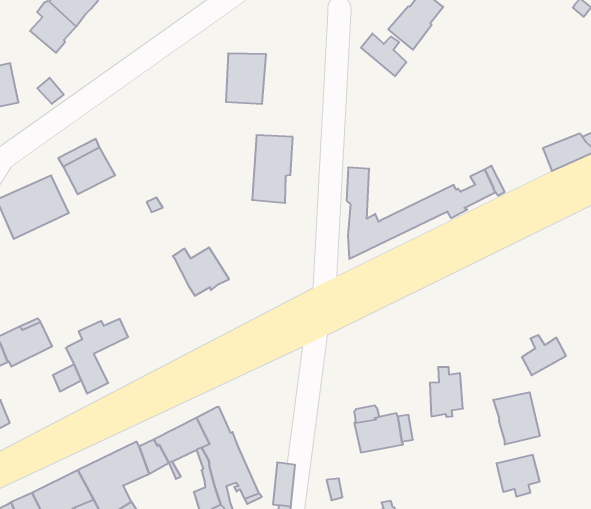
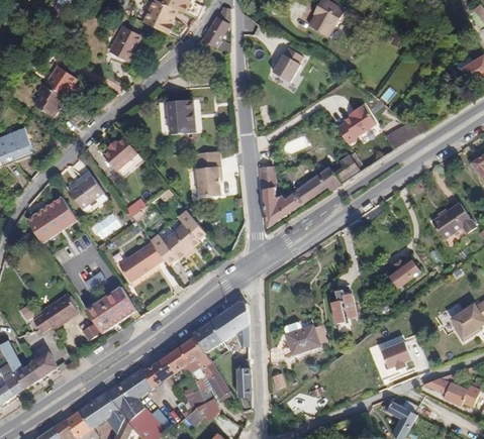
building: [361,33,406,76] -> none
building: none -> [102,137,136,172]
building: none -> [336,105,375,144]
building: none -> [173,211,204,251]
building: none -> [117,242,163,282]
building: none -> [191,301,249,353]
building: [493,392,540,445] -> none

